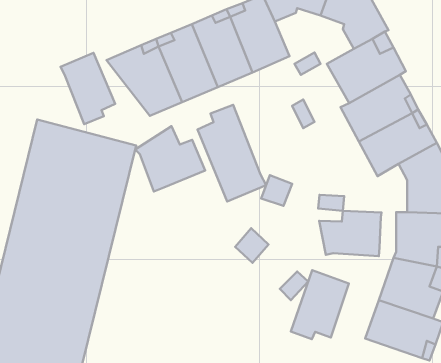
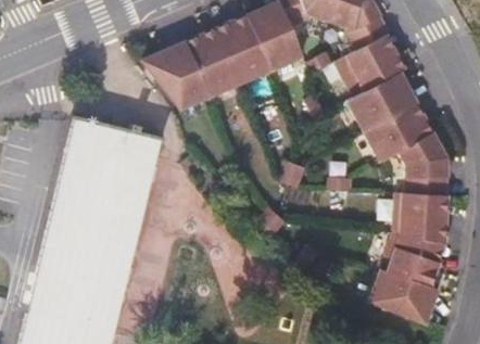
building: [60,53,115,124] -> none
building: [197,105,266,201] -> none
building: [135,126,205,191] -> none
building: [319,211,381,256] -> none
building: [291,270,349,339] -> none

